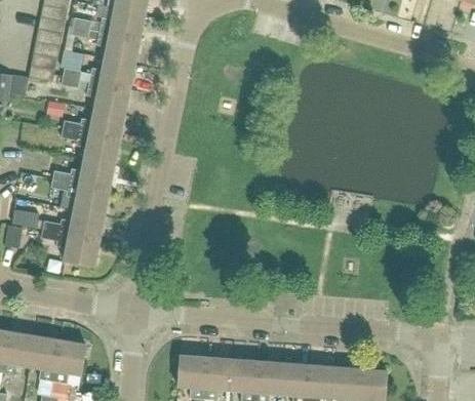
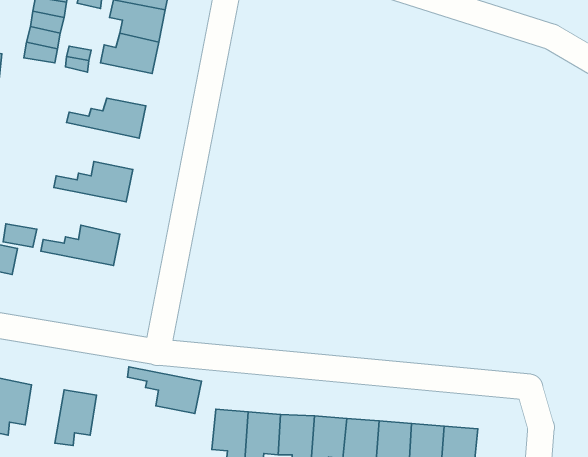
building: [86,81,129,115] -> none
building: [60,128,119,165] -> none
building: [50,179,109,216] -> none
building: [40,230,98,267] -> [127,367,201,413]
building: [29,335,60,382] -> none

